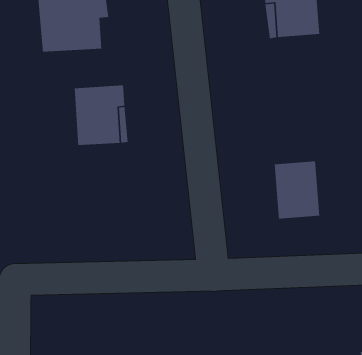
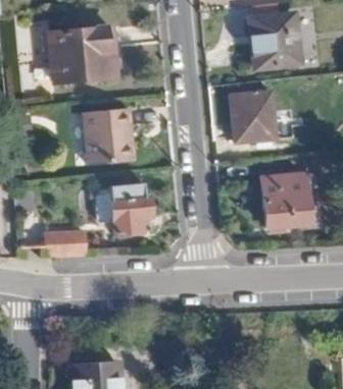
building: none -> [233,92,278,142]
building: none -> [94,182,151,233]
building: none -> [41,231,81,256]

